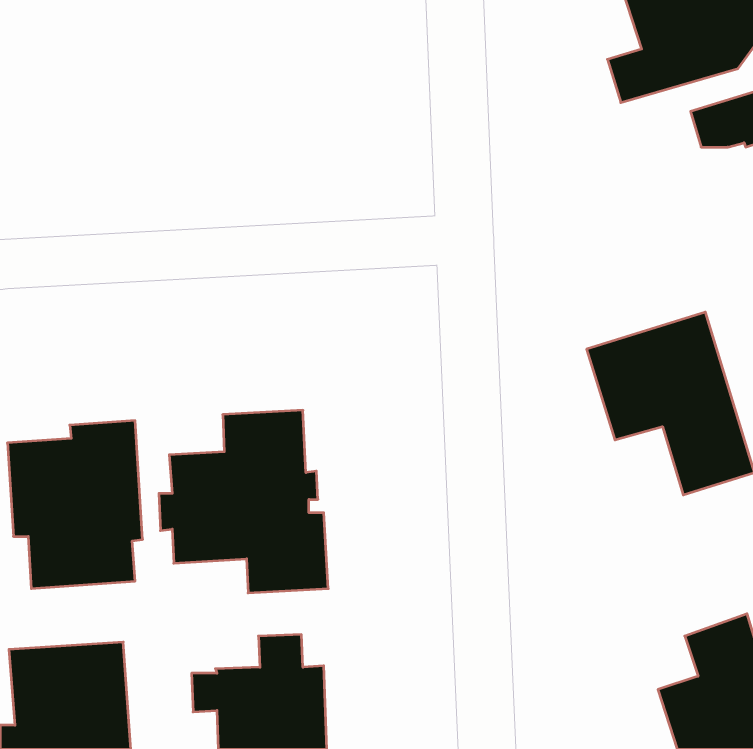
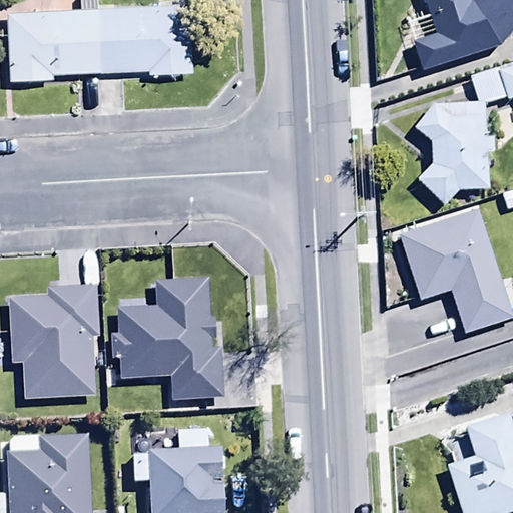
building: none -> [9,5,194,80]
building: none -> [414,102,496,205]

